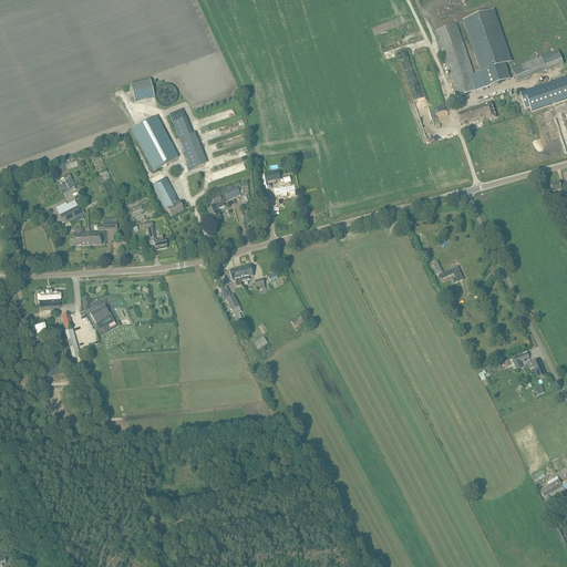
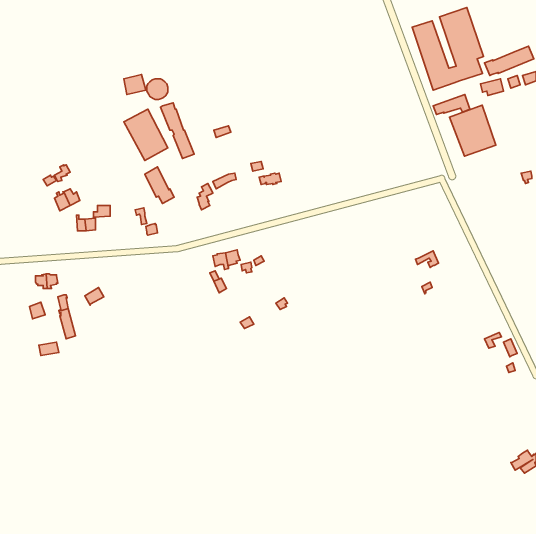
building: none -> [450,105,496,156]

